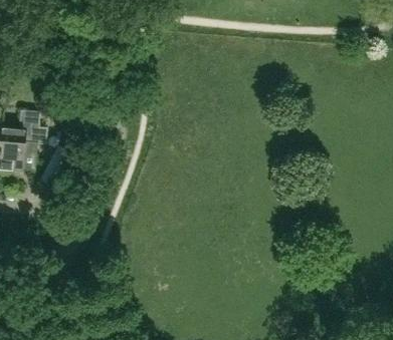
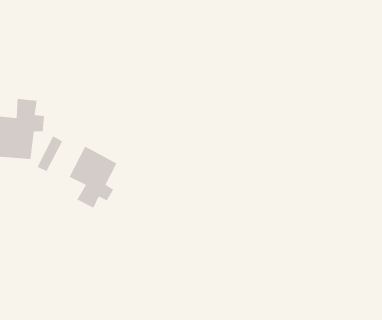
building: none -> [69,146,117,209]

